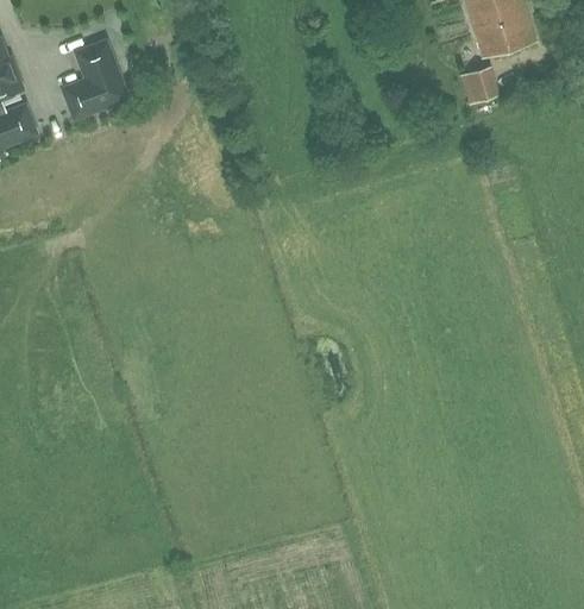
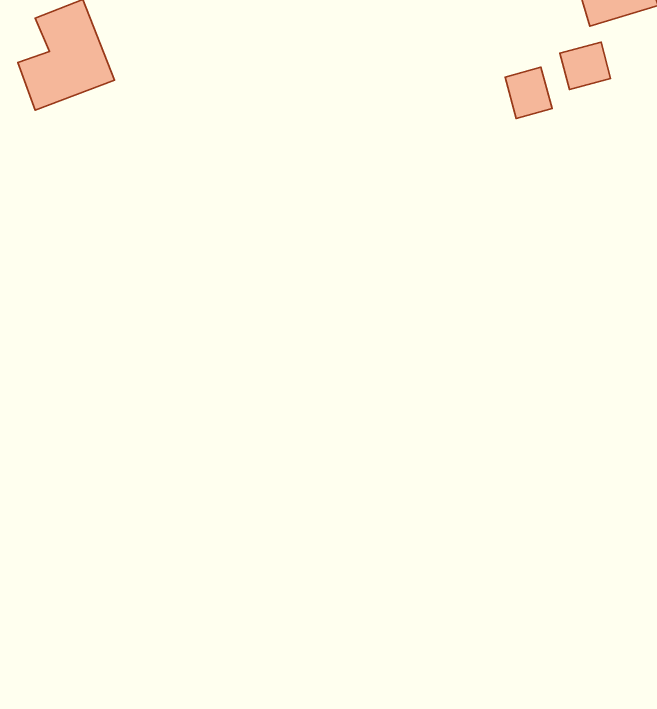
building: none -> [505,67,552,118]

